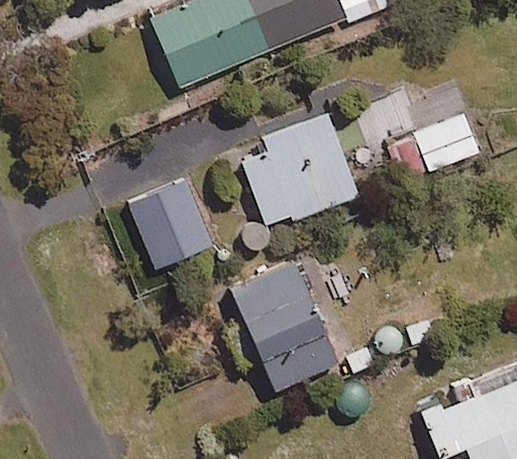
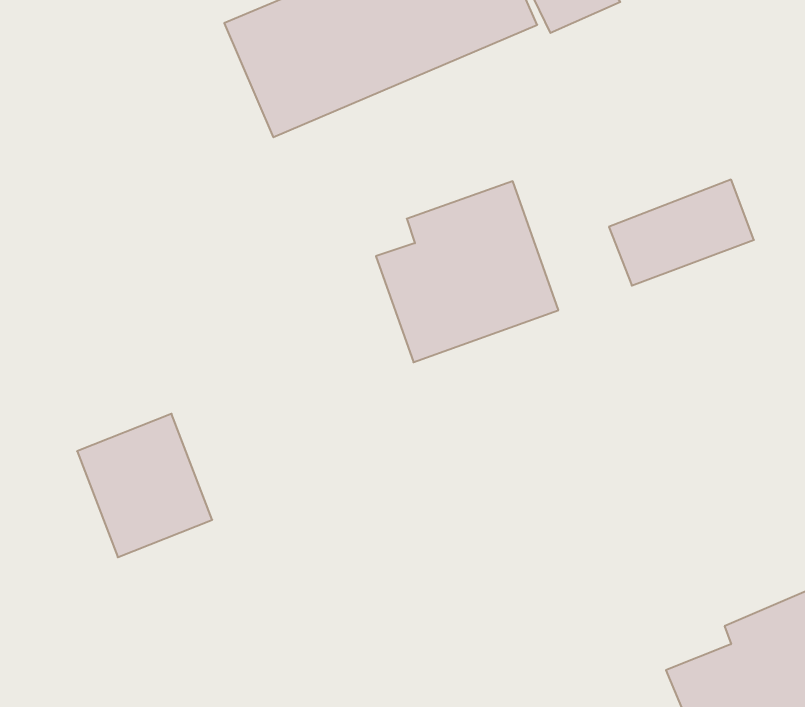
building: [130,178,214,266] -> [77,414,212,557]
building: [229,262,336,389] -> none

